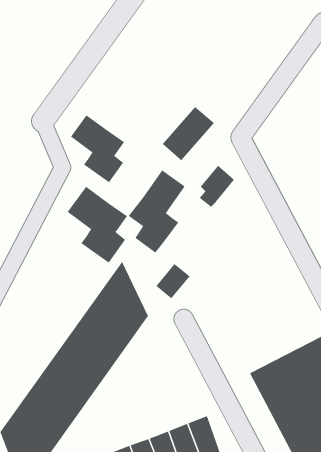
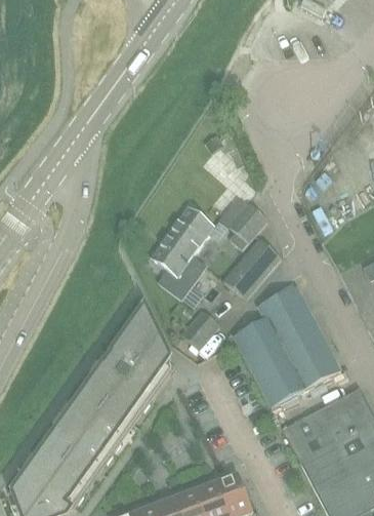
building: [162,106,215,161] -> [222,238,280,297]
building: [70,114,125,183] -> none
building: [67,186,128,264] -> none
building: none -> [232,285,339,406]

